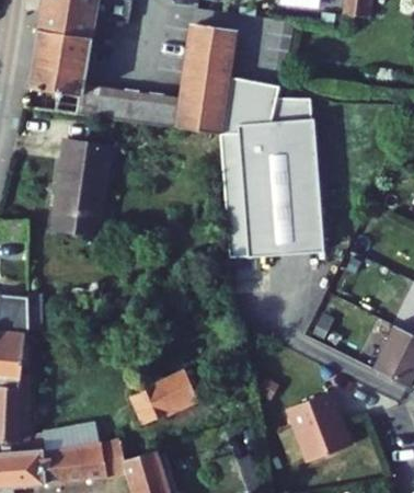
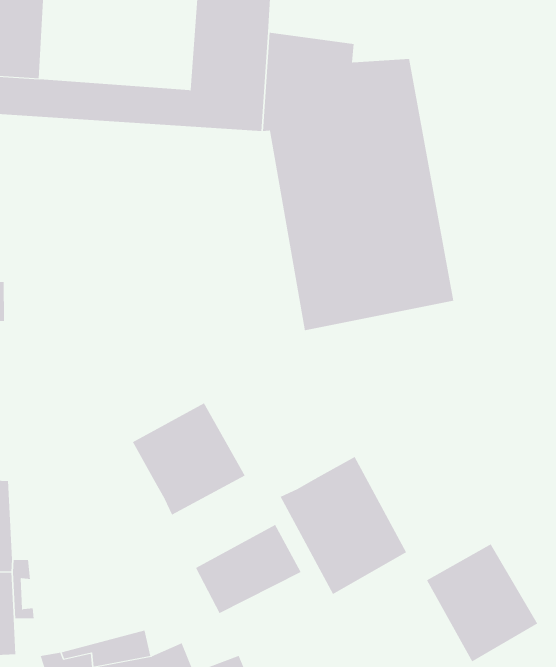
building: [66,136,122,228] -> none
building: none -> [132,403,245,516]
building: none -> [280,456,407,595]

